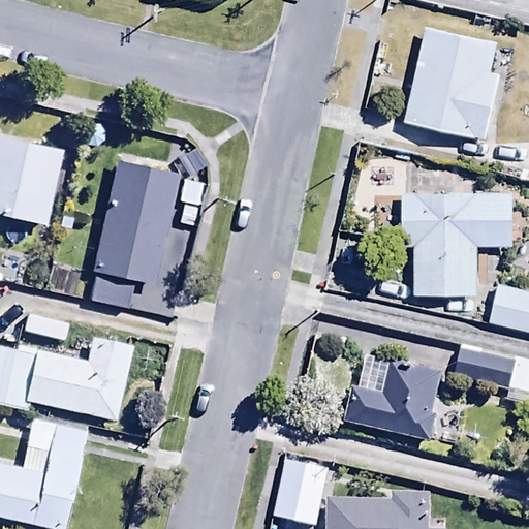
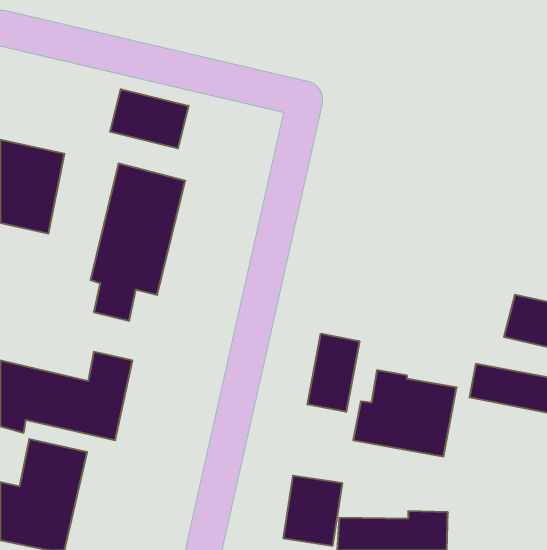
building: [403,24,499,138] -> none
building: none -> [110,89,189,148]
building: [400,193,510,294] -> none
building: none -> [308,334,359,412]

